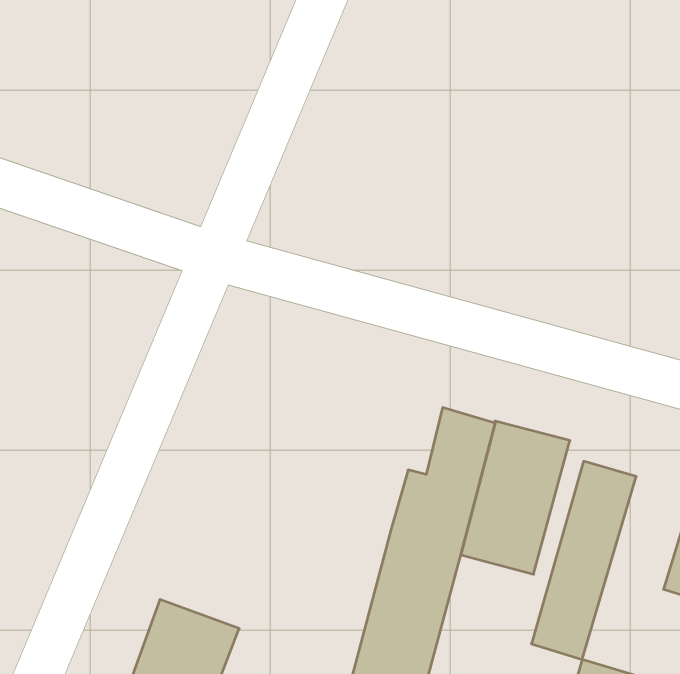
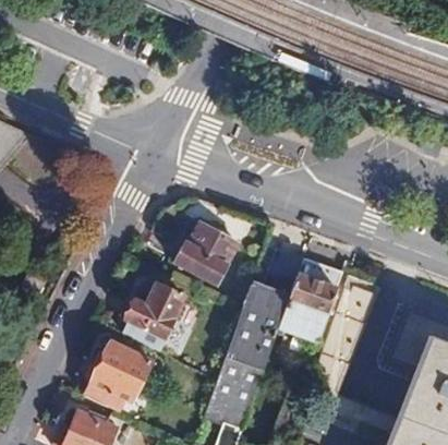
building: none -> [174,222,238,285]
building: none -> [124,281,185,340]

